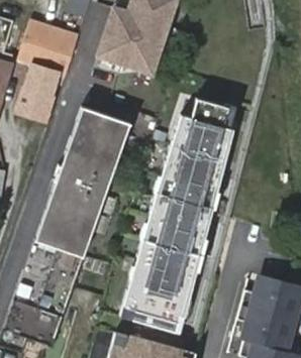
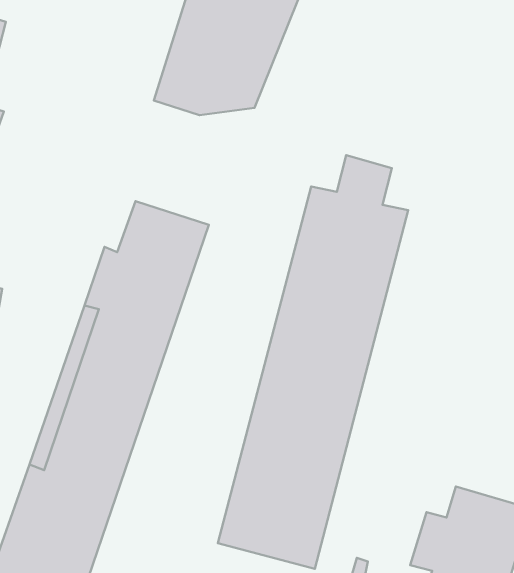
building: [17,21,79,119] -> none
building: [67,105,129,150] -> none

